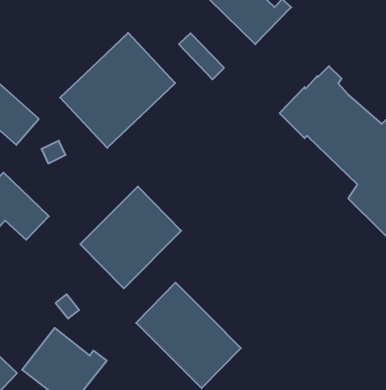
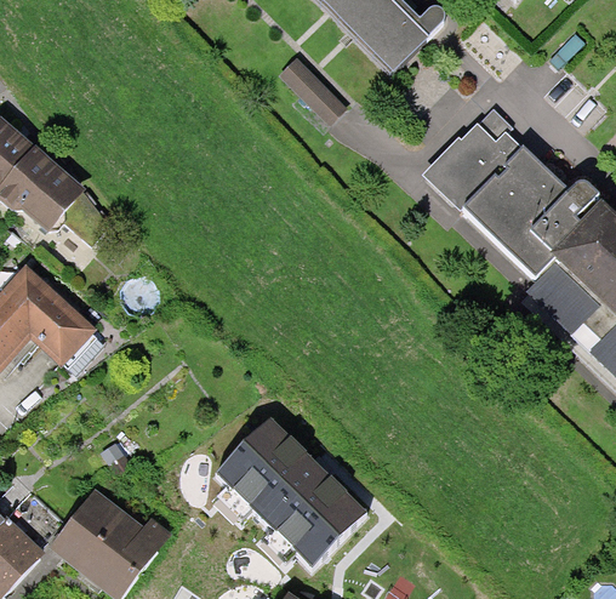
building: [60,33,175,148] -> none
building: [80,186,181,288] -> none

